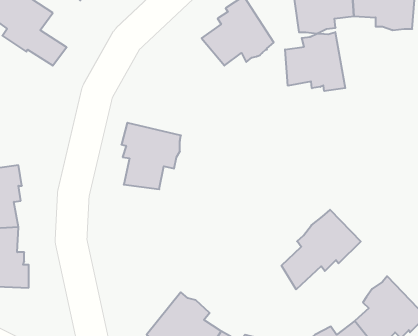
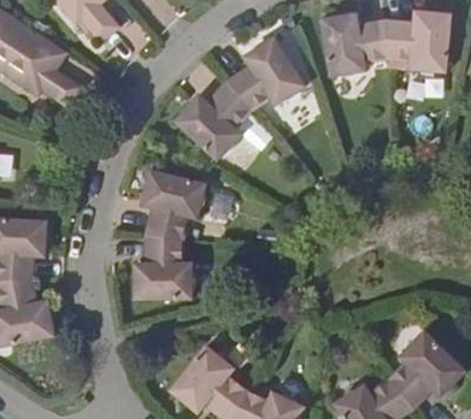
building: [285,32,345,91] -> none
building: none -> [172,81,251,159]
building: none -> [133,235,192,297]
building: [282,210,361,289] -> none

